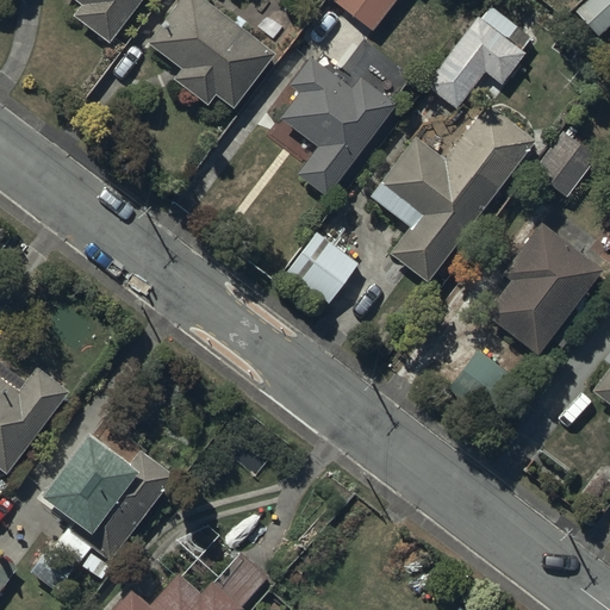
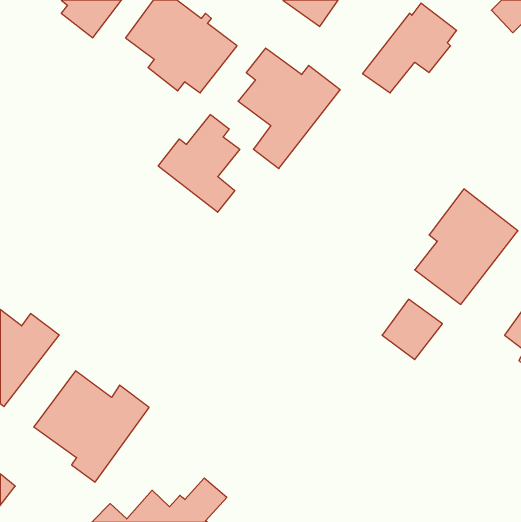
building: [369,102,537,284] -> none
building: [530,127,597,198] -> none
building: none -> [158,115,240,212]
building: [286,231,359,304] -> none

